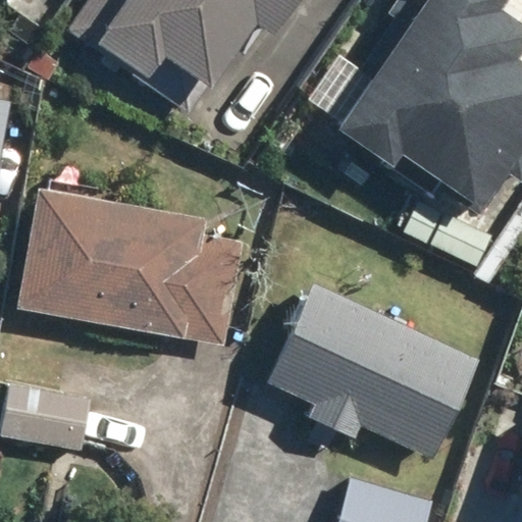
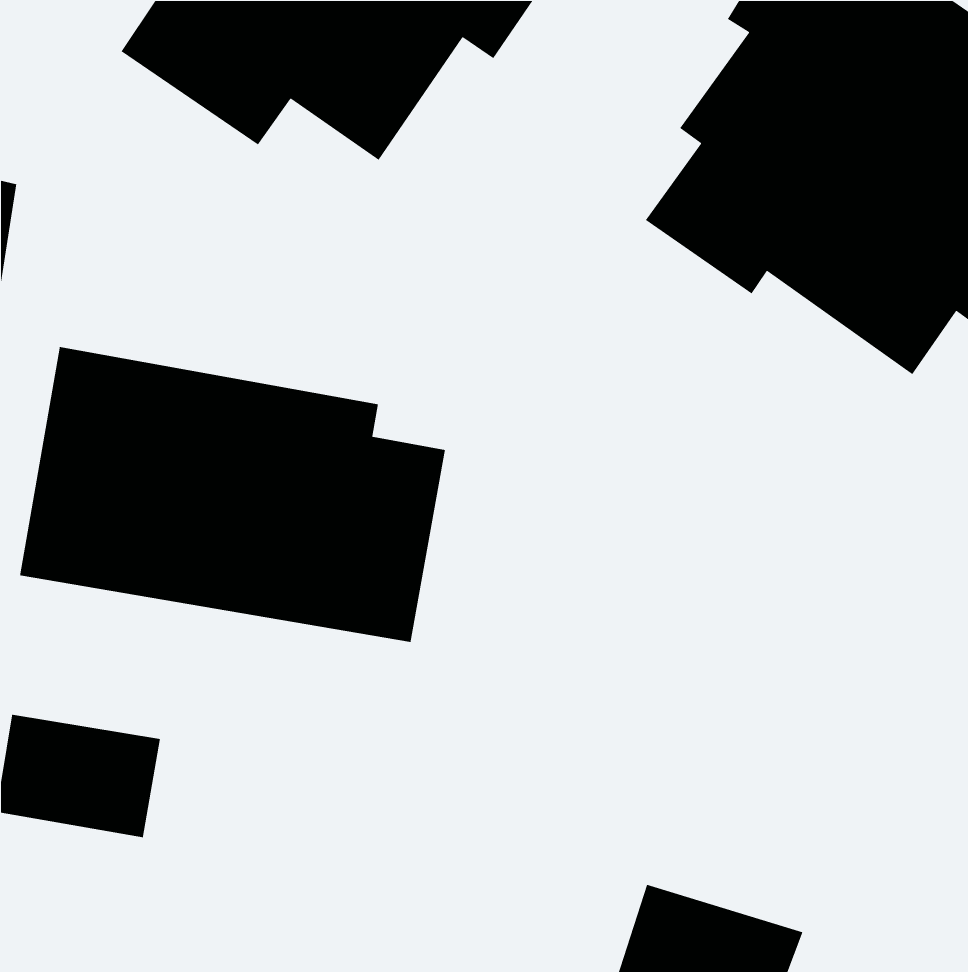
building: [266,283,478,459] -> none

